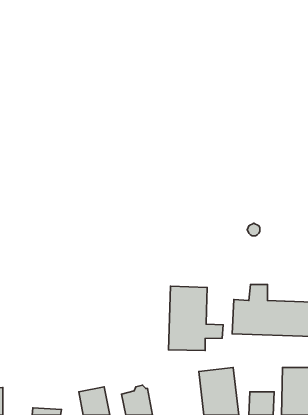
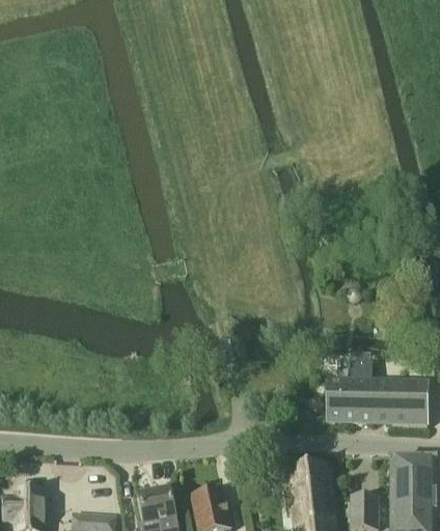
building: [168,286,223,351] -> none

